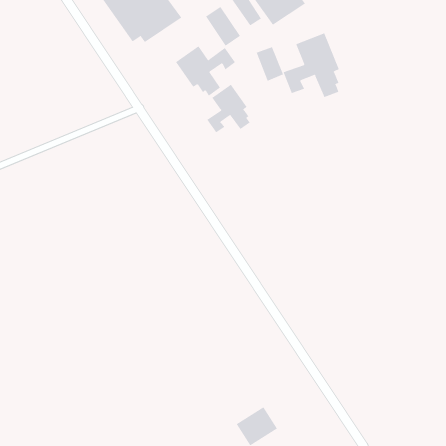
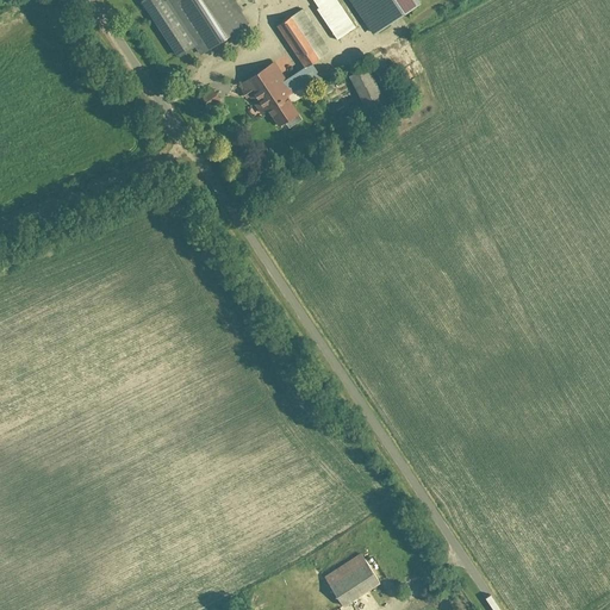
building: [283,33,339,98] -> none
building: [207,84,251,133] -> none

